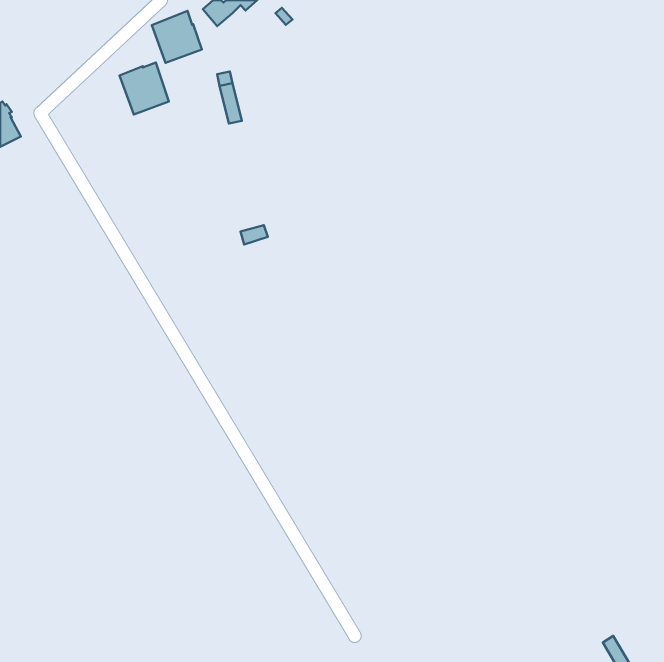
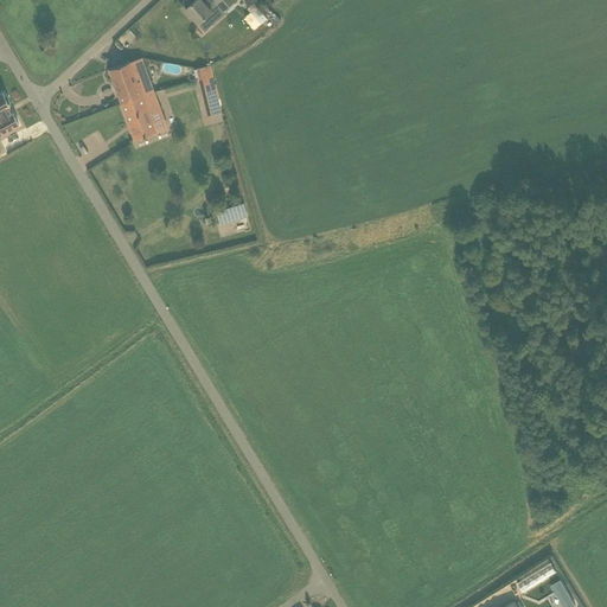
building: [152,11,202,63] -> none
building: none -> [122,95,161,141]

